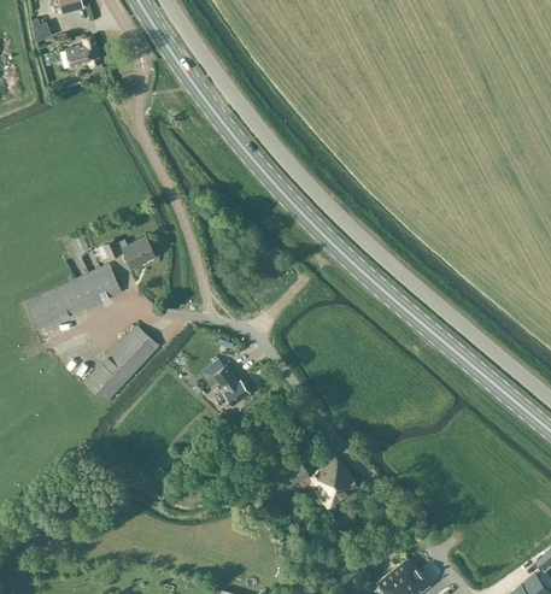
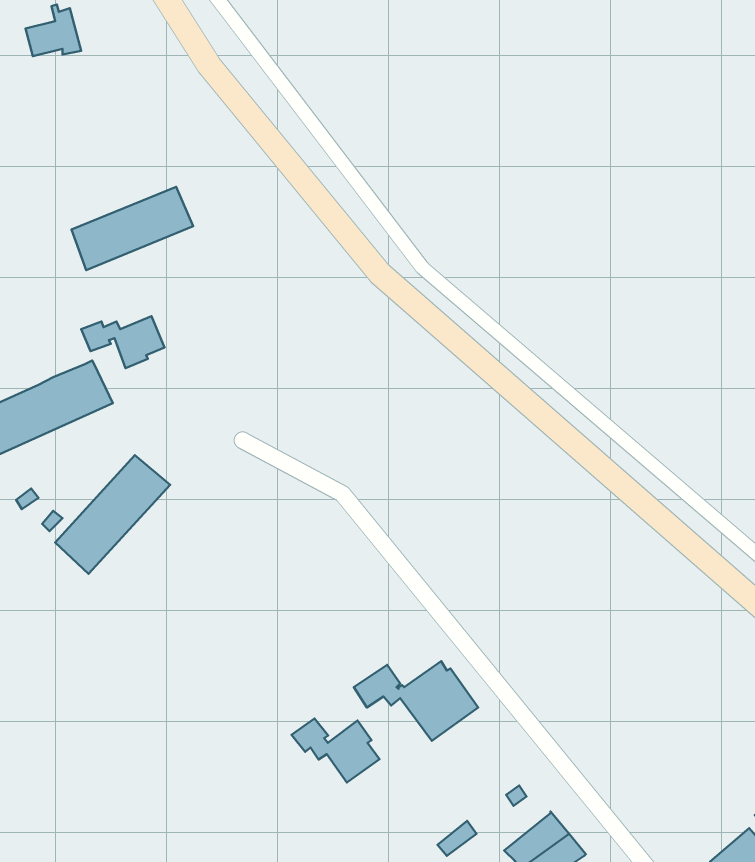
building: none -> [72,187,193,270]
building: [211,363,248,405] -> none
building: none -> [292,718,379,782]

